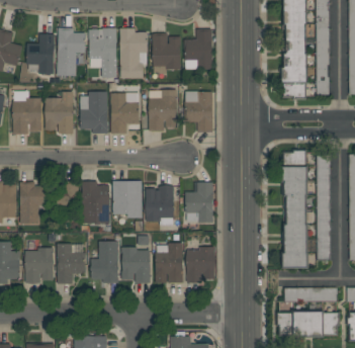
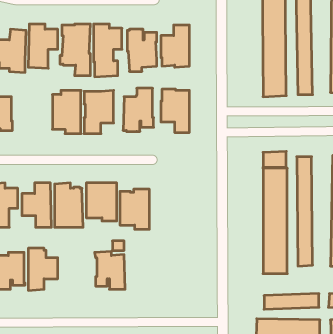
building: [46,92,74,134] -> none
building: [186,182,213,223] -> none
building: [92,241,118,283] -> none
building: [156,243,183,283] -> none
building: [187,247,215,282] -> none

